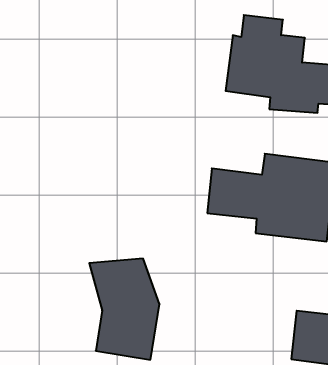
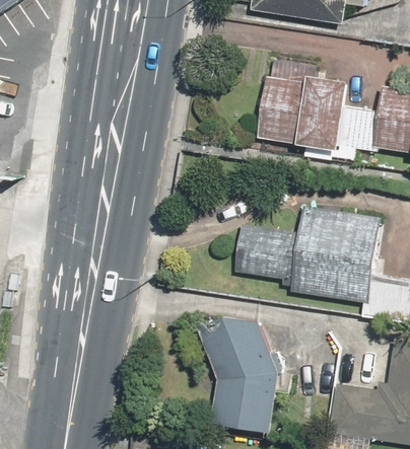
building: [89,259,160,360] -> [199,321,277,434]

